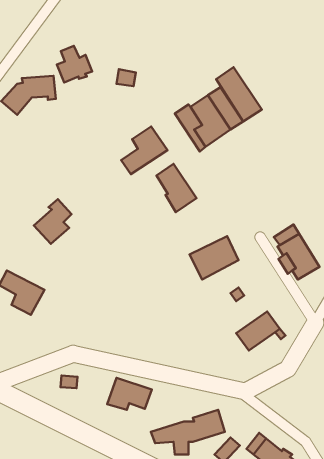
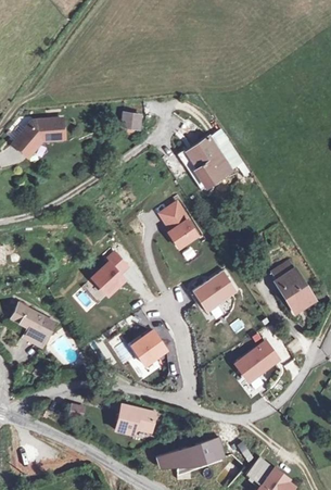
building: [57,46,92,82] -> none
building: [216,67,262,121] -> none
building: [121,126,167,174] -> none
building: [34,199,71,244] -> [92,252,128,294]
building: none -> [132,330,167,365]

